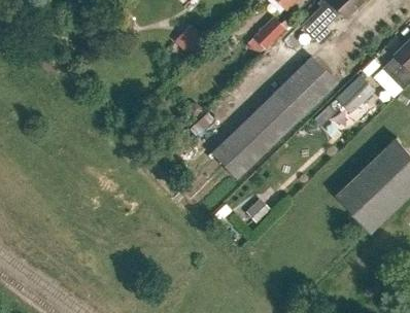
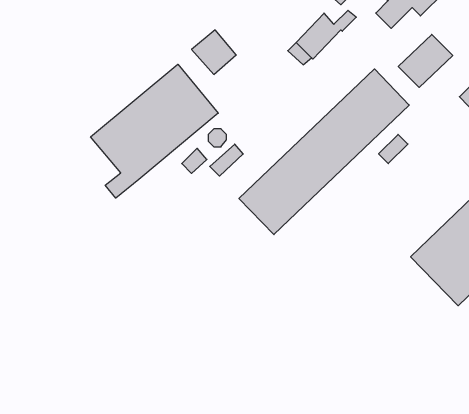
building: none -> [91,64,218,198]
building: [336,74,376,113] -> [398,34,453,87]

